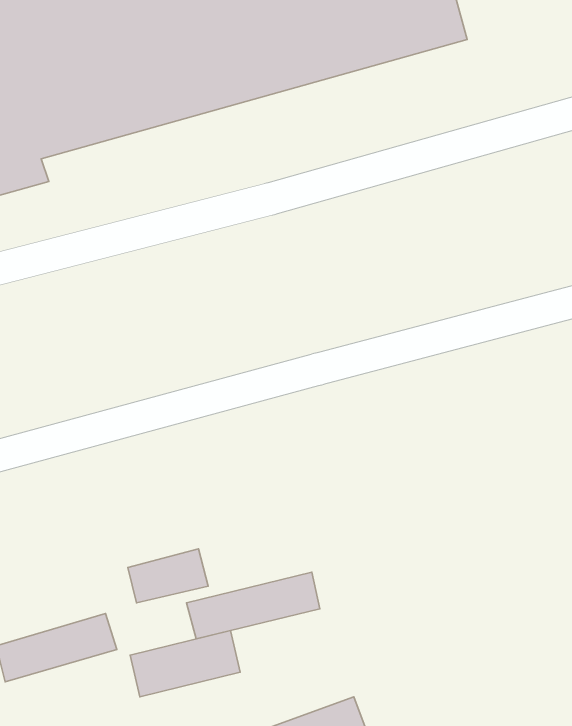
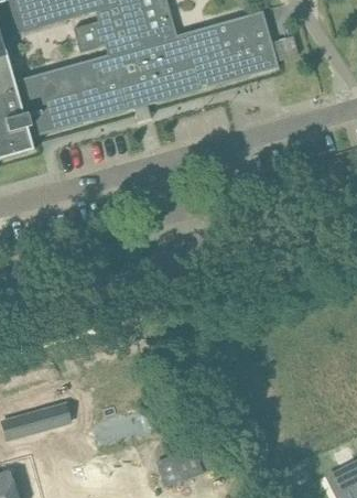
building: [128,549,208,603] -> none
building: [186,572,320,639] -> none

